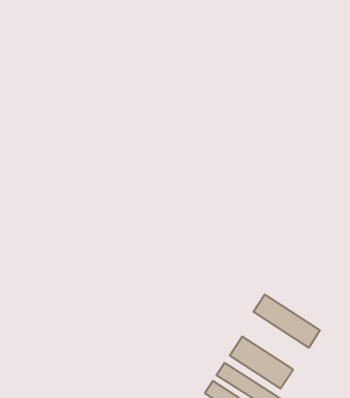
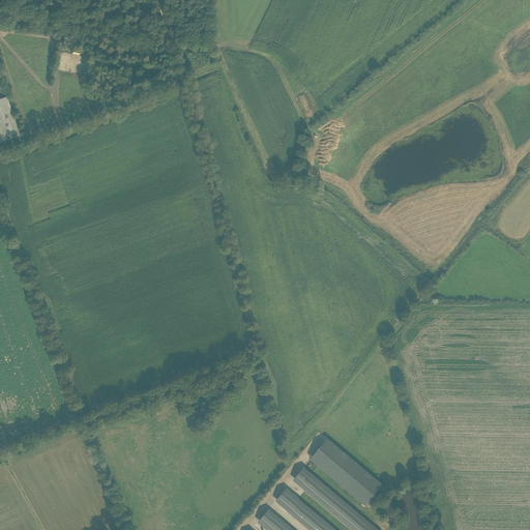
building: [254,294,320,348] -> none

